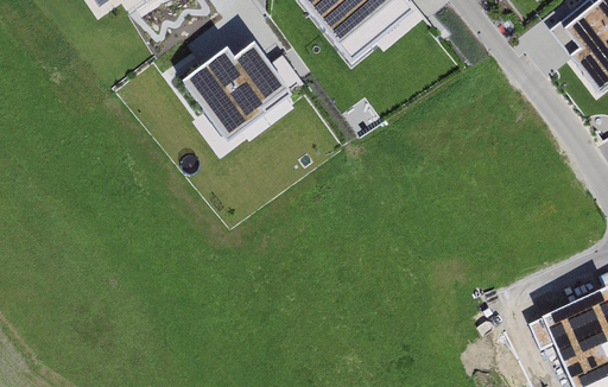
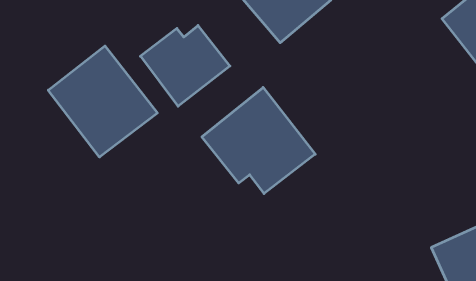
building: none -> [48,46,157,157]
building: none -> [202,87,315,194]

